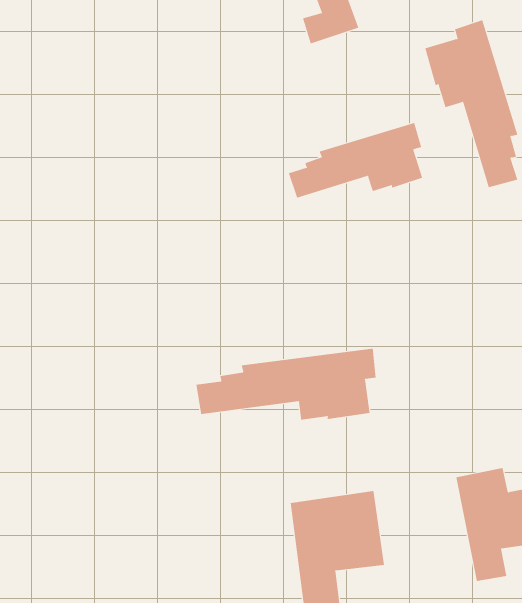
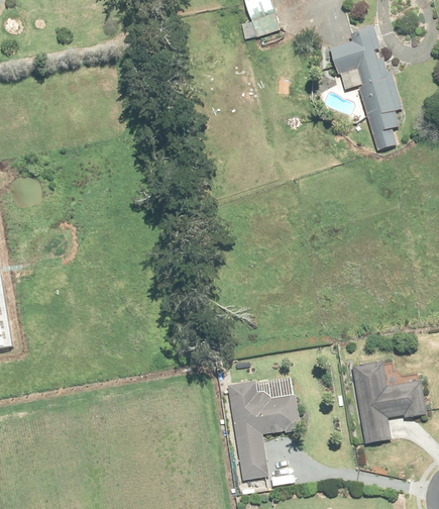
building: [288,122,423,198] -> none
building: [196,348,376,420] -> none

